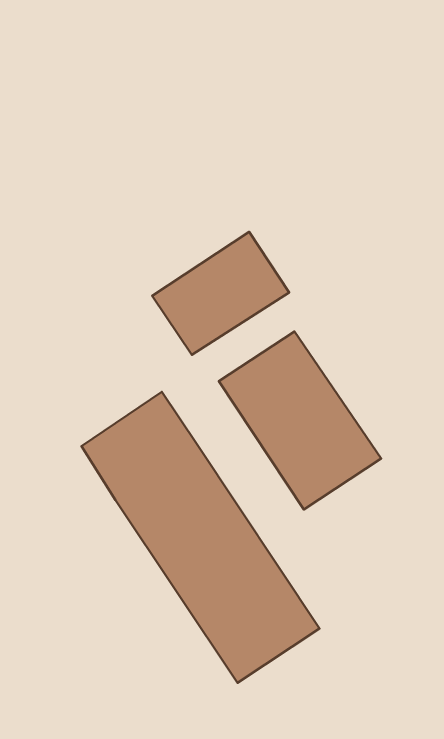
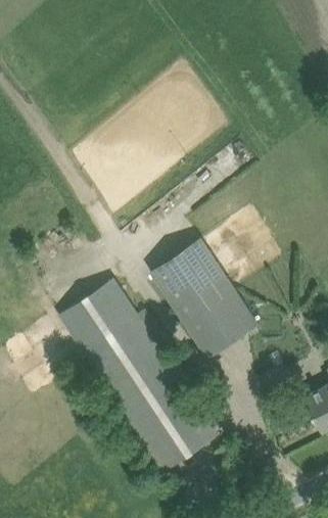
building: [152,232,289,355] -> none

